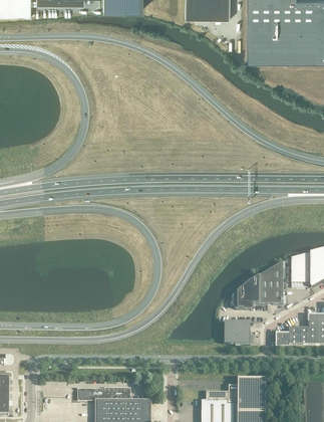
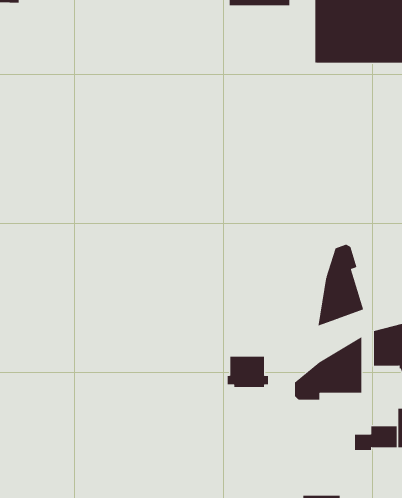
building: none -> [318,244,364,327]
building: [223,324,254,347] -> [227,356,269,388]

